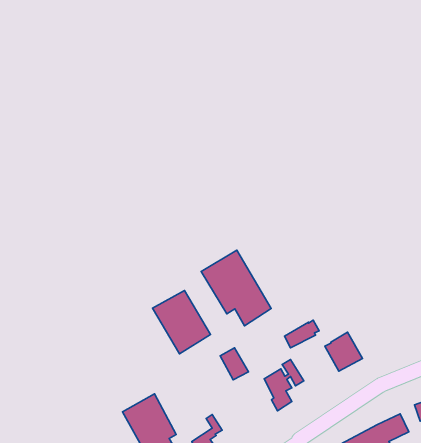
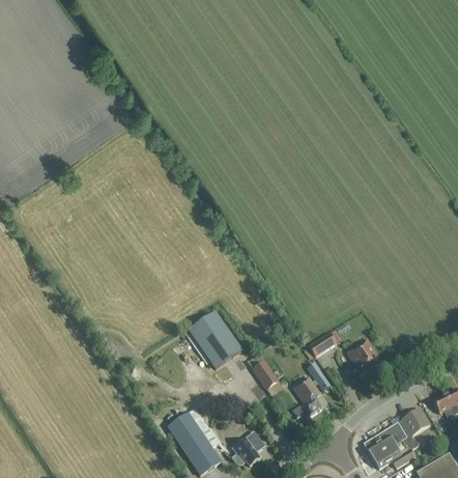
building: [201,250,271,326] -> none

